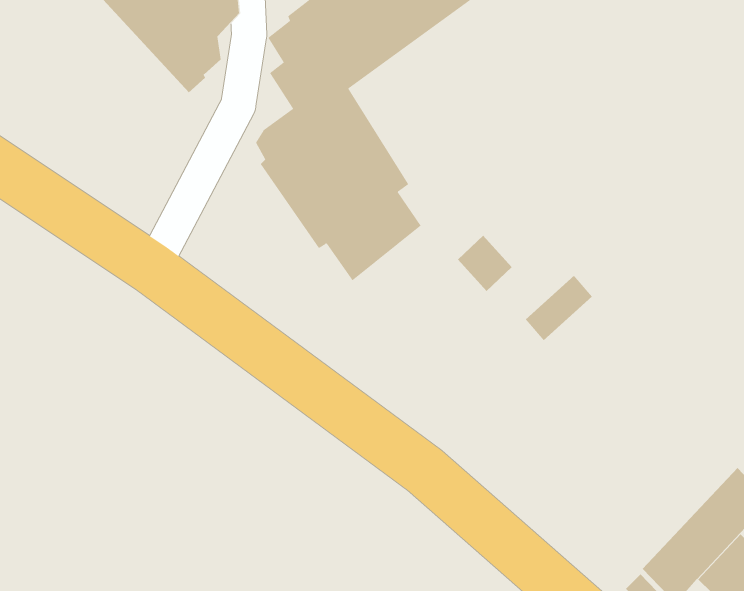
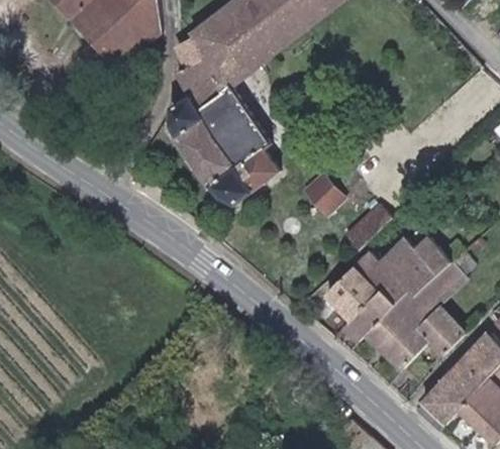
building: none -> [325,236,476,368]

